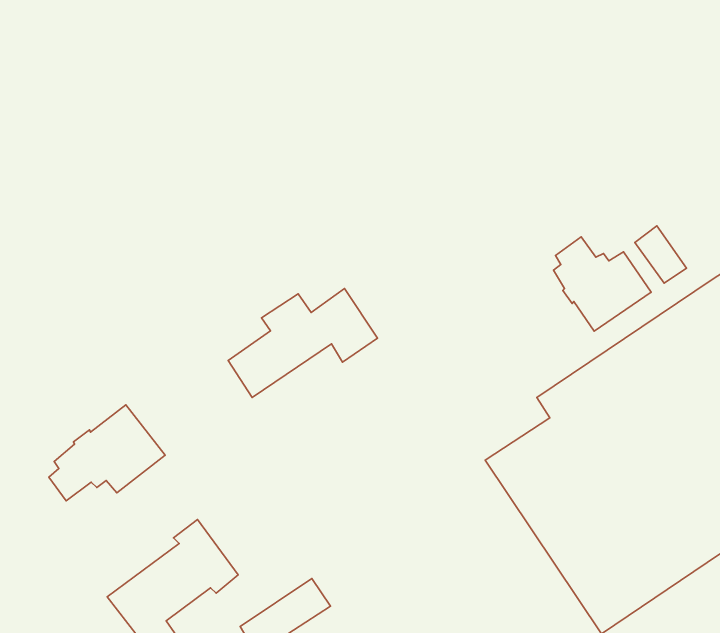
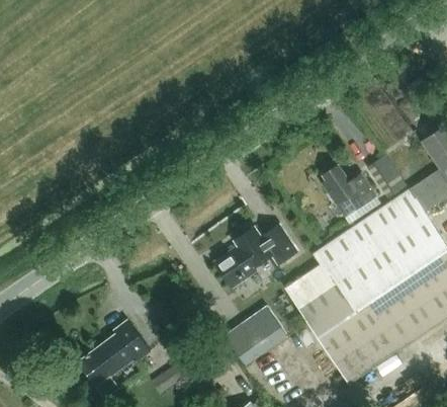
building: [228,288,378,397] -> [215,225,297,284]
building: [49,405,165,501] -> none
building: none -> [226,306,287,363]

